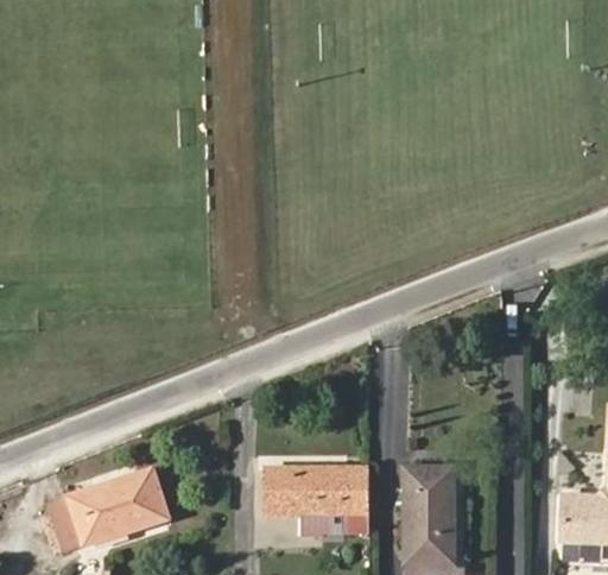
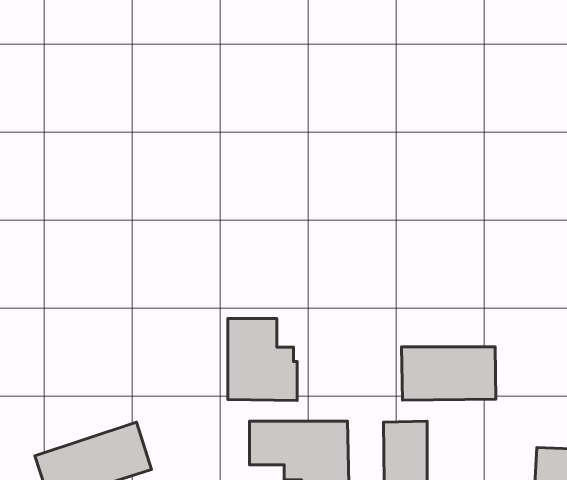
building: none -> [228,318,297,401]
building: none -> [402,347,496,400]

